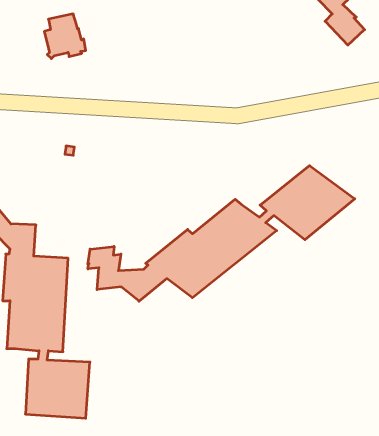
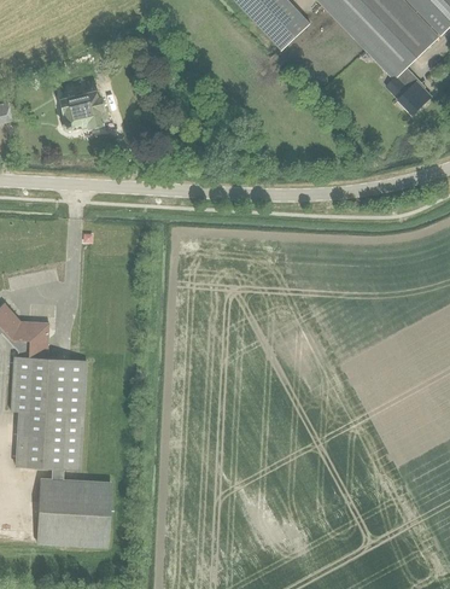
building: [88,166,355,301] -> none

